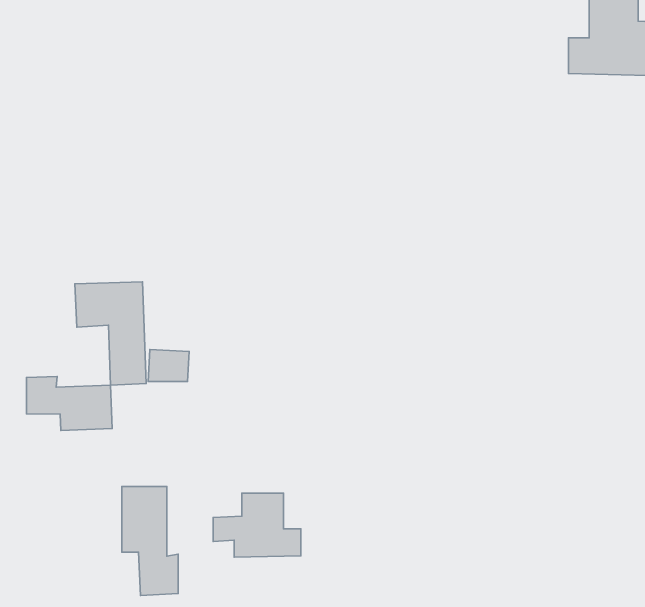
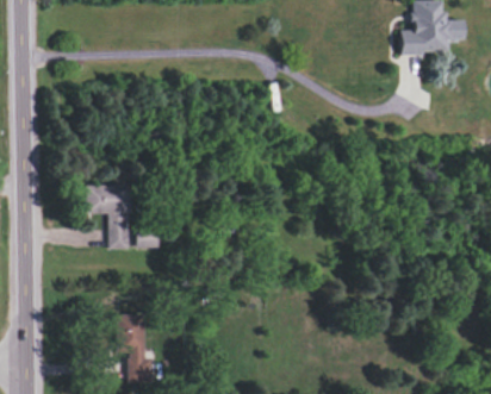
building: [26,376,112,431] -> none
building: [213,493,301,557] -> none

